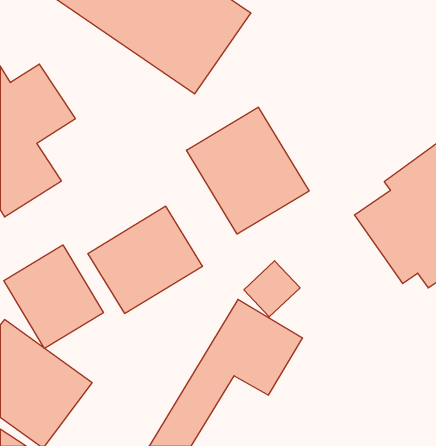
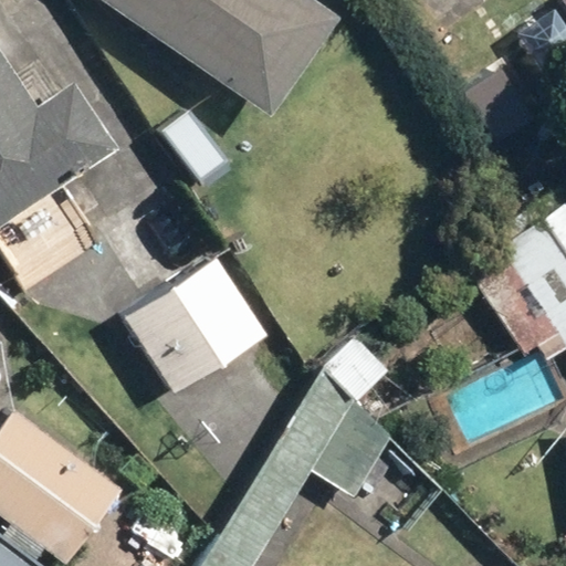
building: [186,107,309,234] -> none
building: [4,245,103,348] -> none

